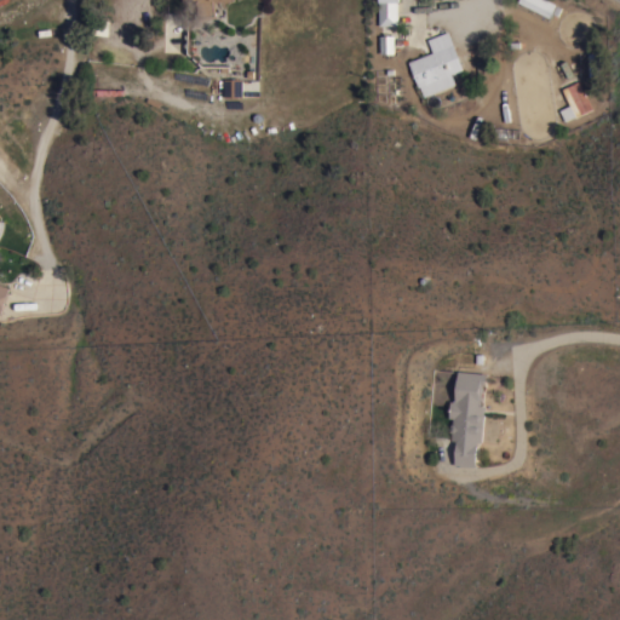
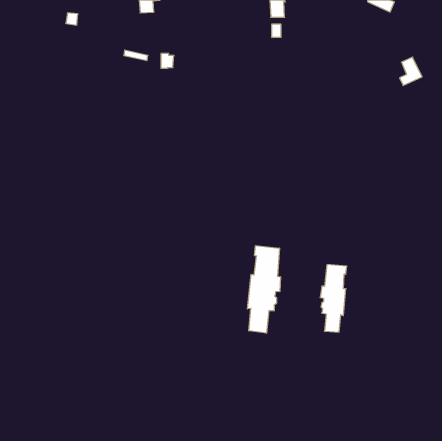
building: [408,31,464,97] -> none
building: none -> [248,246,280,333]

